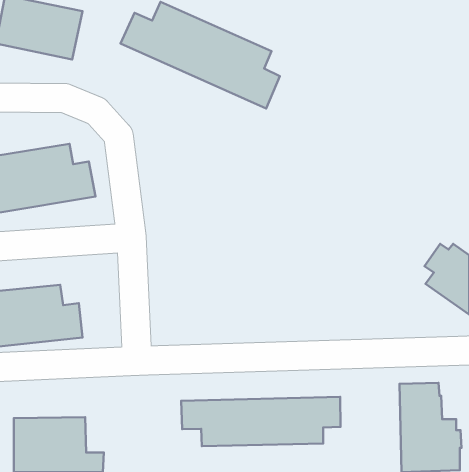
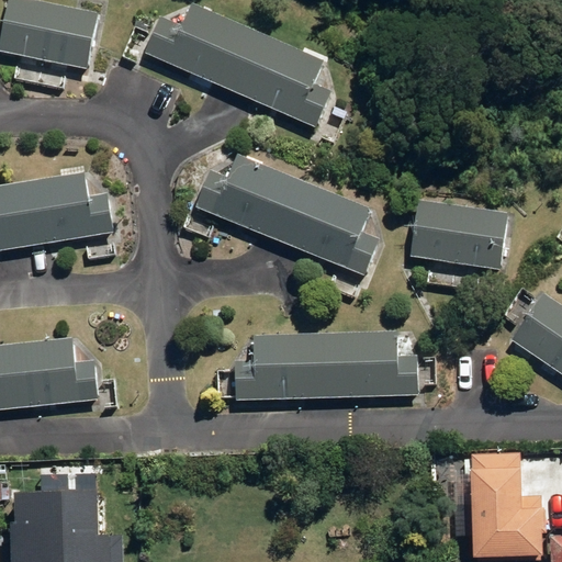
building: none -> [192,154,379,277]
building: none -> [407,196,508,272]
building: none -> [232,330,418,400]
building: [181,397,340,446] -> none

